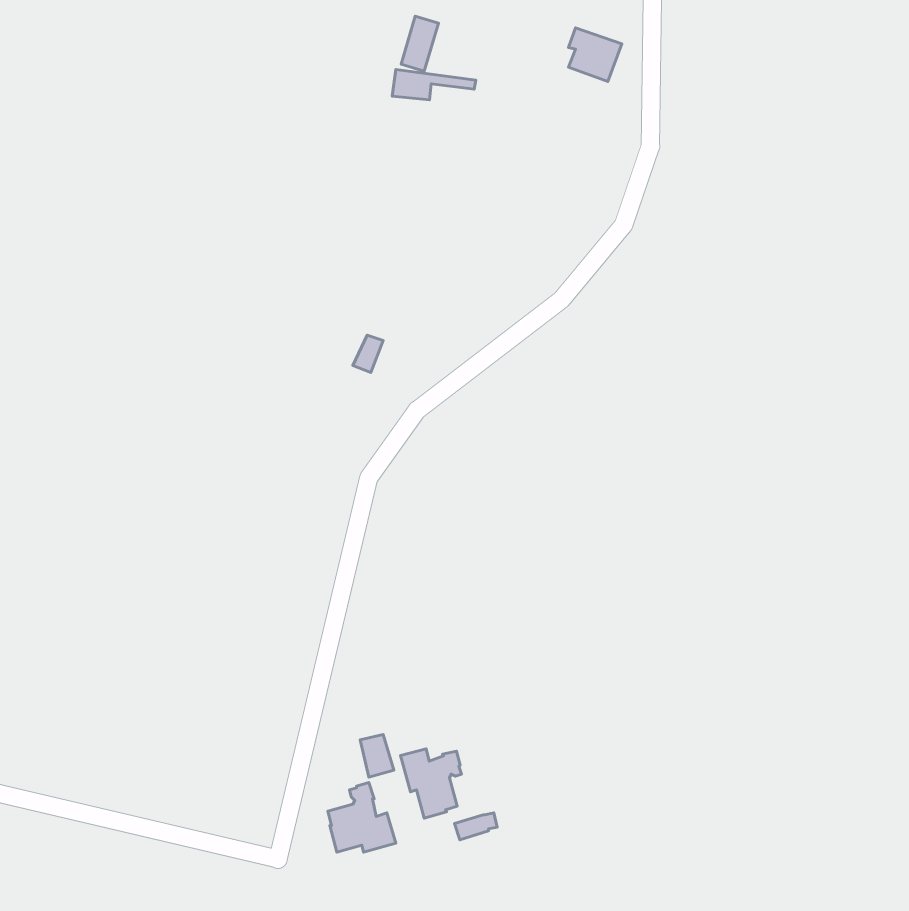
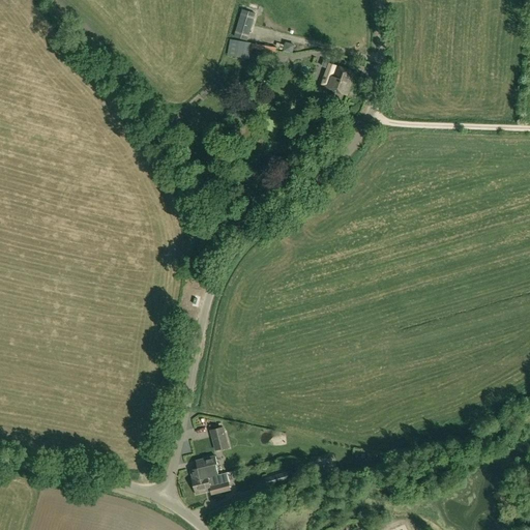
building: [568,28,622,81] -> [323,63,354,94]
building: [400,749,461,818] -> none

